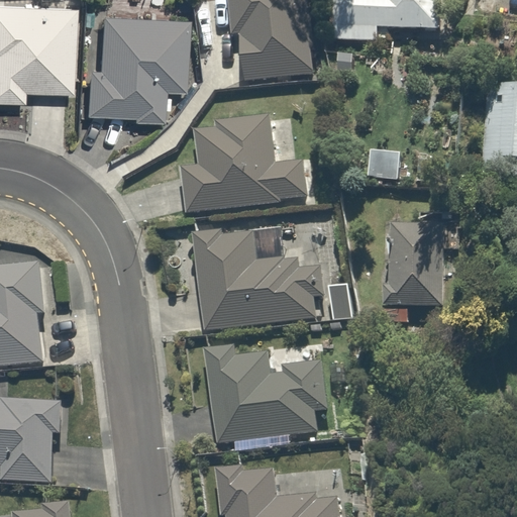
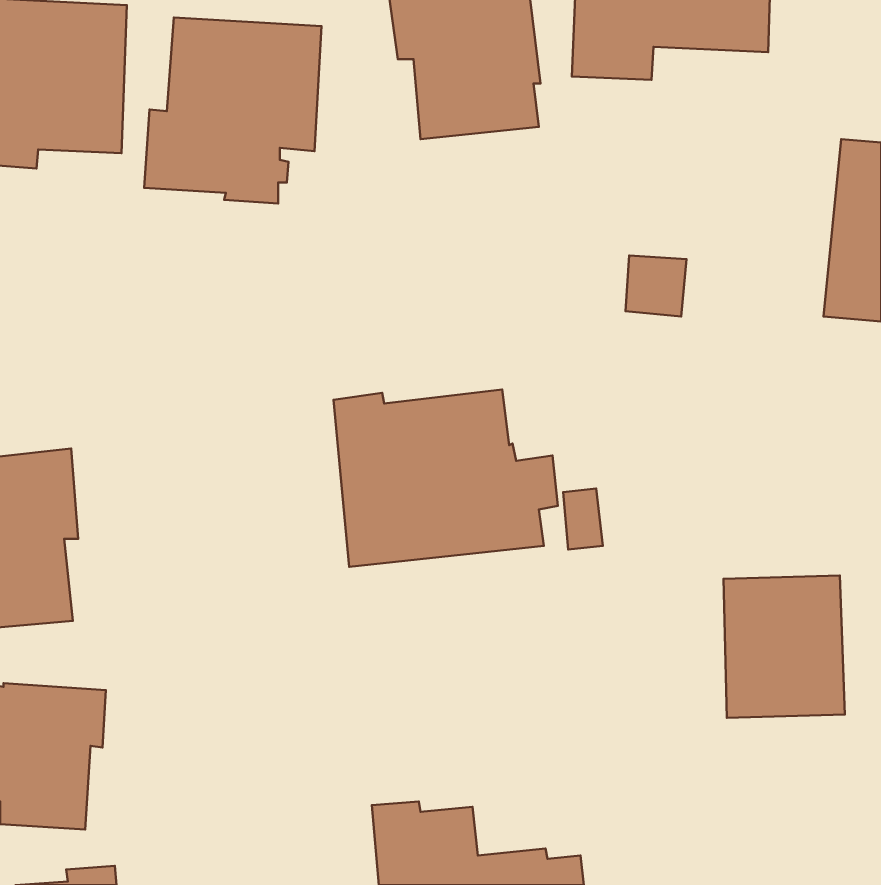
building: [181,114,308,213] -> none
building: [386,226,456,309] -> [723,575,845,718]
building: [204,345,328,443] -> none

